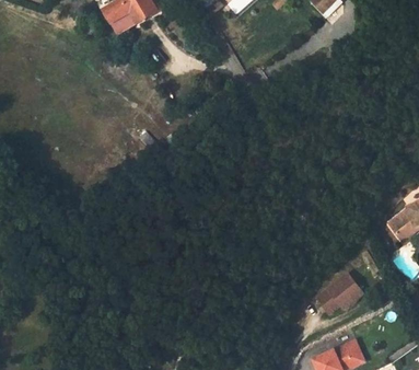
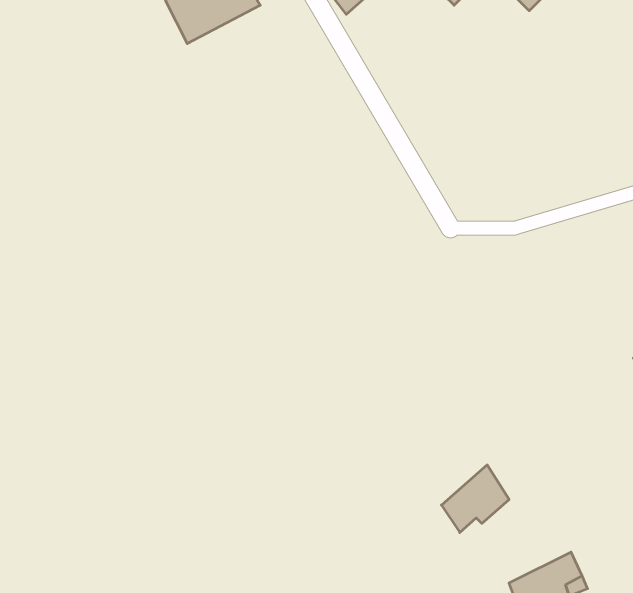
building: [318,271,359,312] -> [441,465,509,533]

